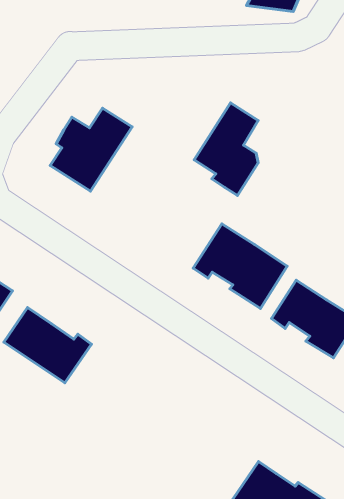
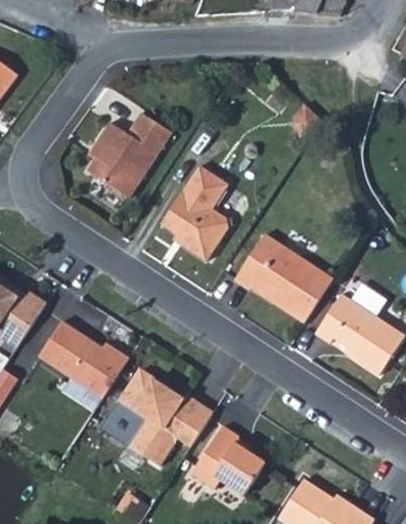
building: [194,103,258,195] -> [161,165,227,261]
building: none -> [117,369,198,467]
building: none -> [189,427,264,496]

